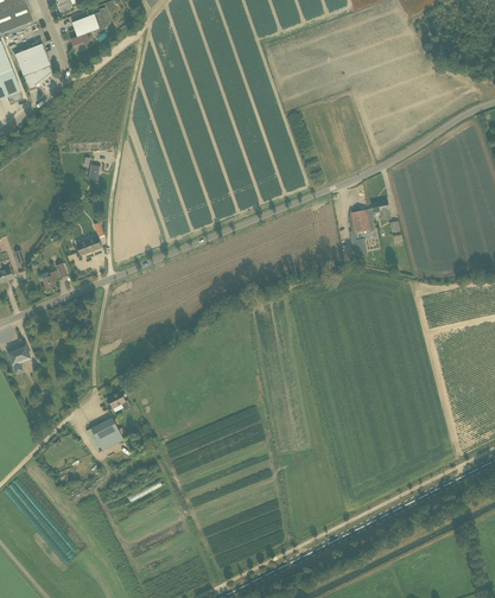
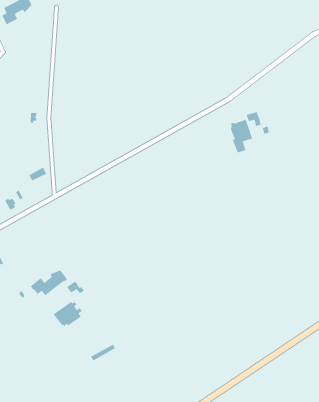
building: none -> [30,270,68,296]

